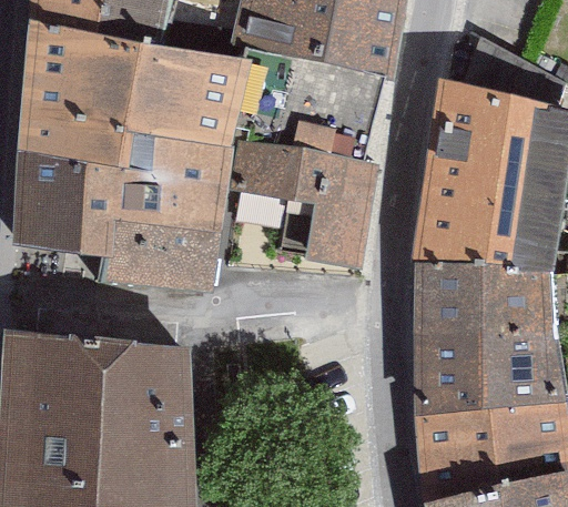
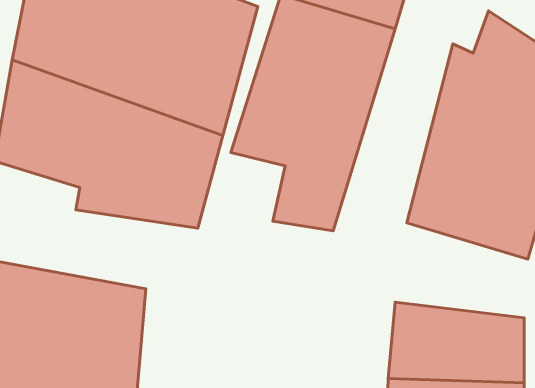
building: [420,257,548,336] -> none

